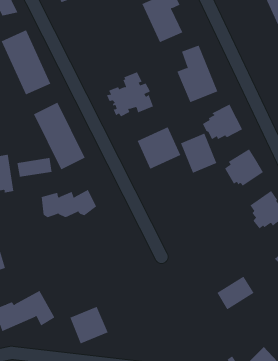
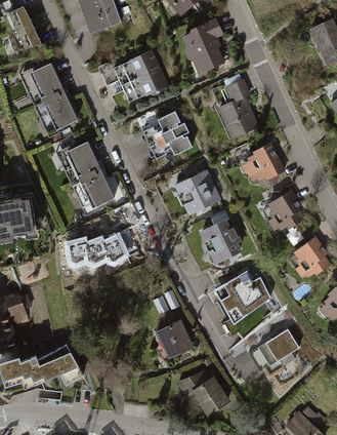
building: none -> [115,47,169,102]
building: [180,133,217,174] -> [199,221,239,265]
building: [17,157,52,178] -> none
building: none -> [214,270,271,325]
building: [70,306,109,344] -> [151,320,193,361]
building: none -> [181,370,228,413]

